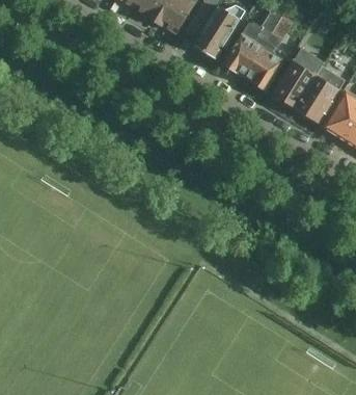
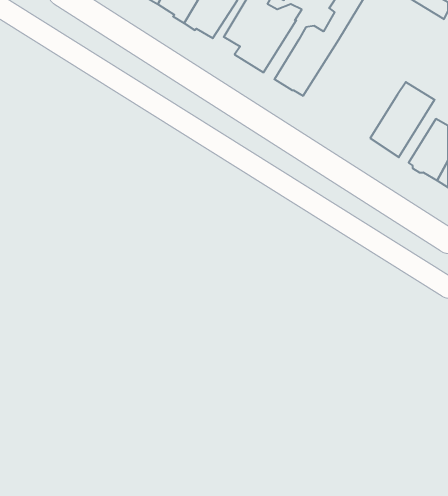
building: [245,32,284,89] -> none
building: [273,51,317,107] -> none

